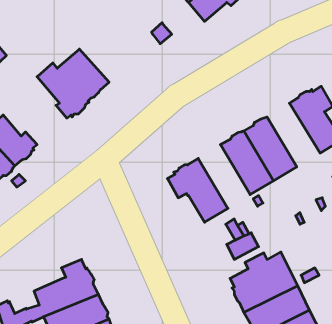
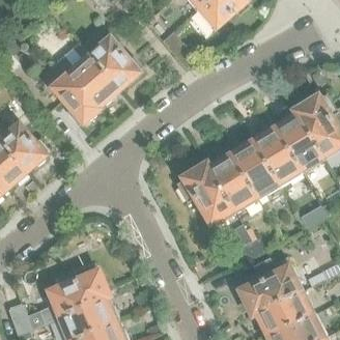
building: none -> [91,41,143,90]
building: none -> [275,111,327,173]
building: none -> [207,151,258,214]

